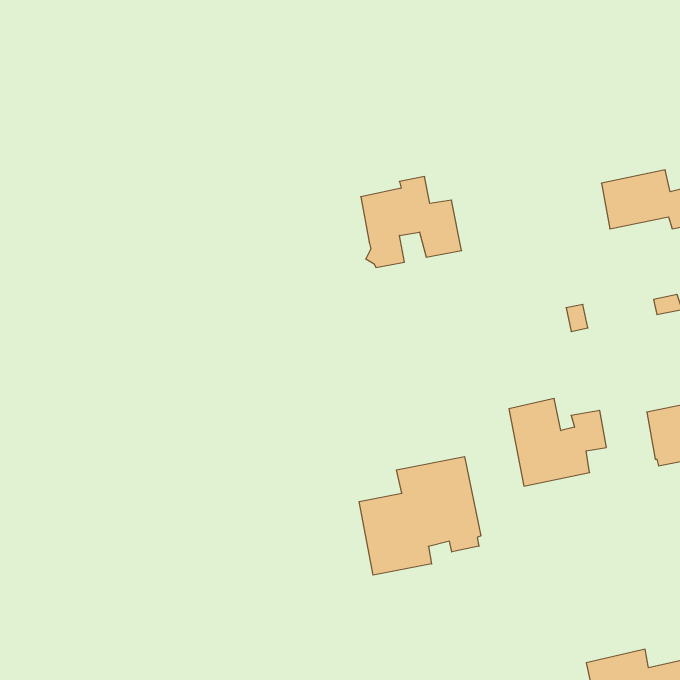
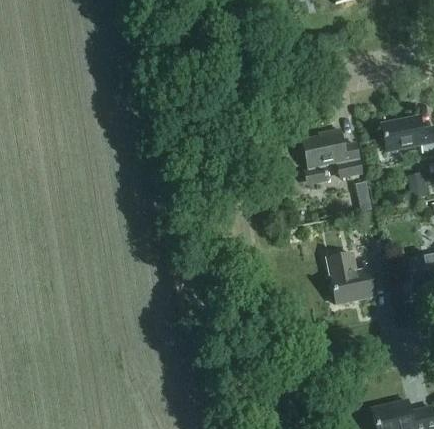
building: [361,177,462,267] -> [302,128,362,182]
building: [359,457,481,575] -> none

